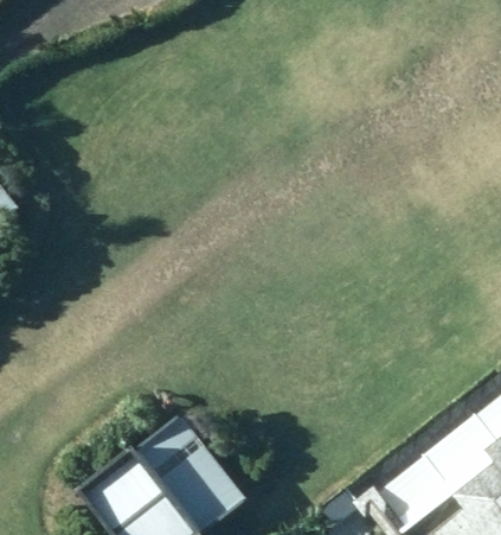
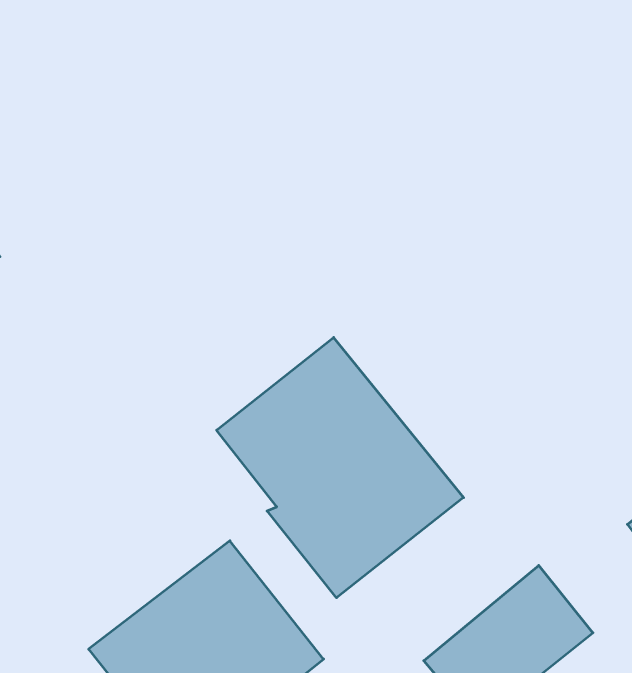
building: none -> [217,337,464,598]

